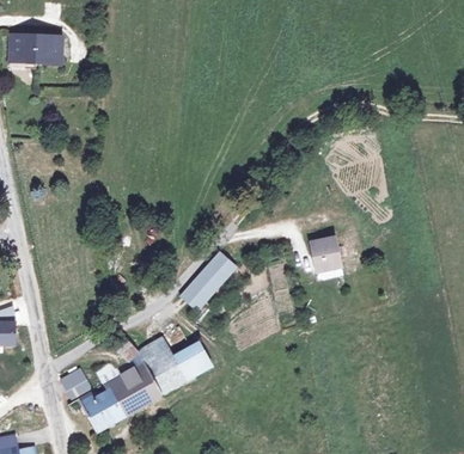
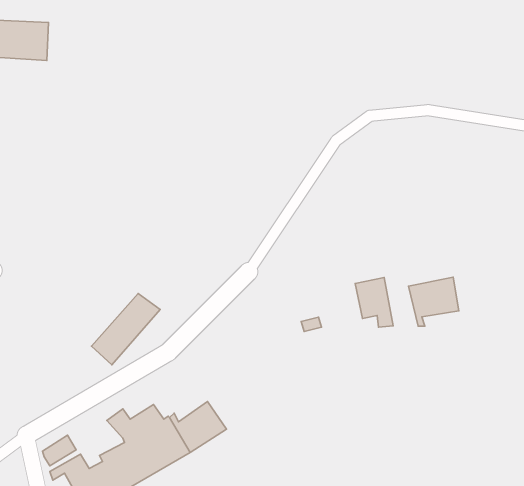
building: none -> [408,277,459,326]
building: [170,260,226,319] -> [91,294,160,365]

